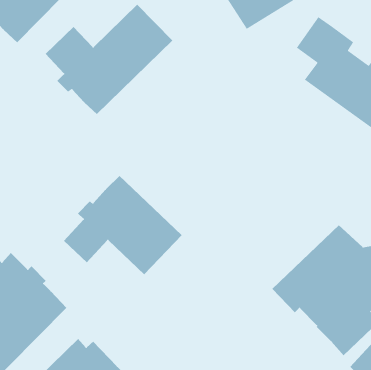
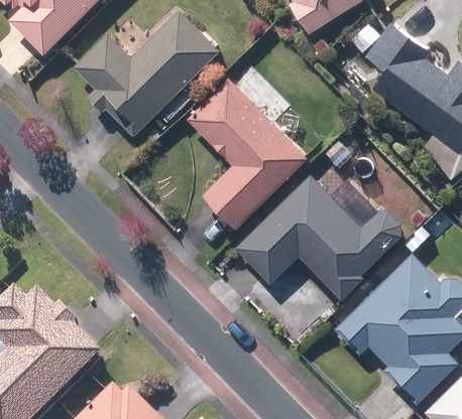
building: none -> [185,81,304,229]
building: none -> [234,176,399,299]
building: [63,175,182,275] -> none

